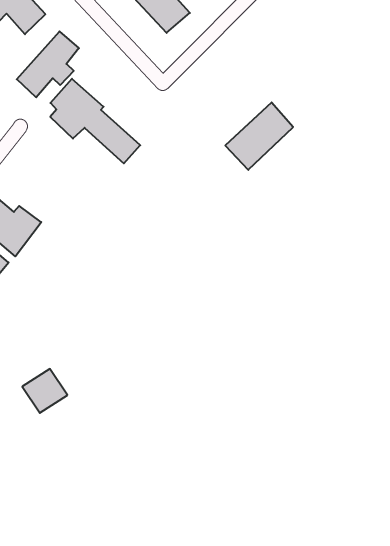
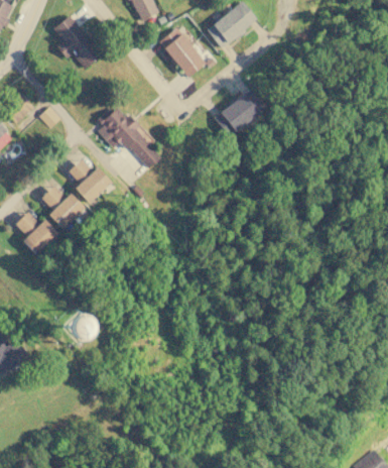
building: [17,31,79,97] -> none
building: [225,102,293,170] -> [214,89,264,136]
building: none -> [68,158,111,202]

